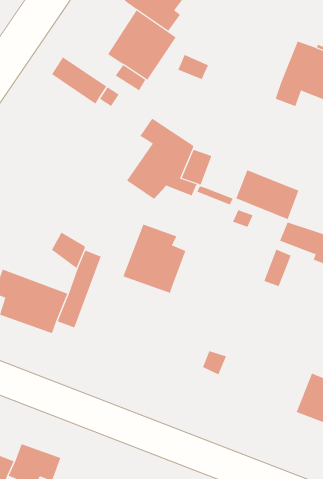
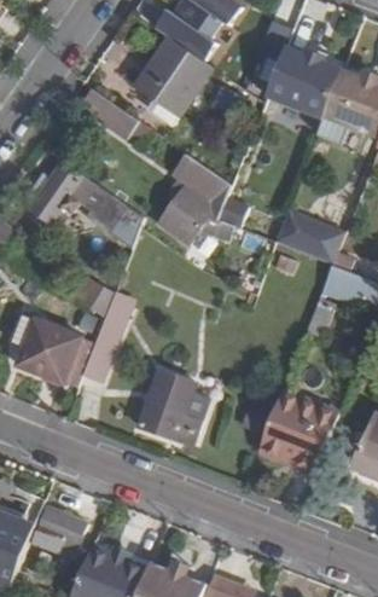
building: none -> [267,46,343,116]
building: none -> [29,161,143,245]
building: [123,224,186,293] -> [138,369,207,444]
building: none -> [261,390,338,471]

